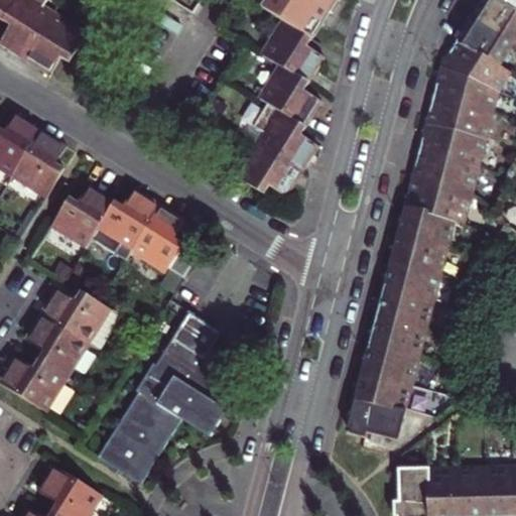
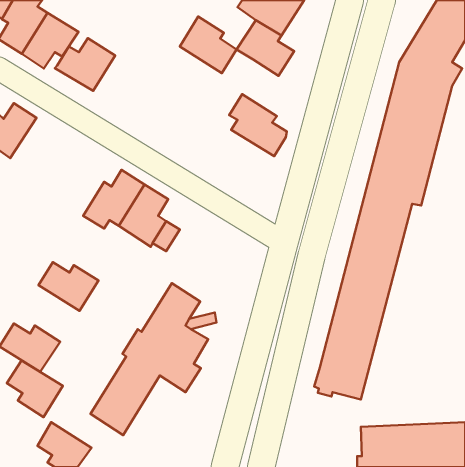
building: none -> [55,38,115,91]
building: [259,66,321,128] -> [180,16,237,73]
building: [11,130,67,197] -> none
building: [235,143,302,198] -> none
building: [50,185,115,246] -> none
building: [26,314,88,377] -> [7,360,63,417]

